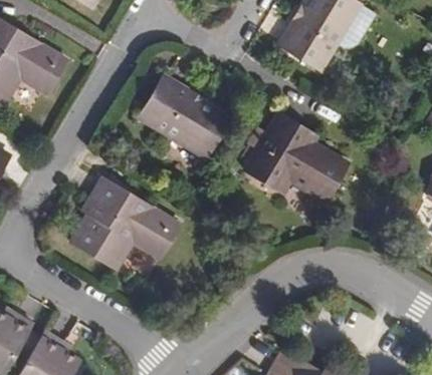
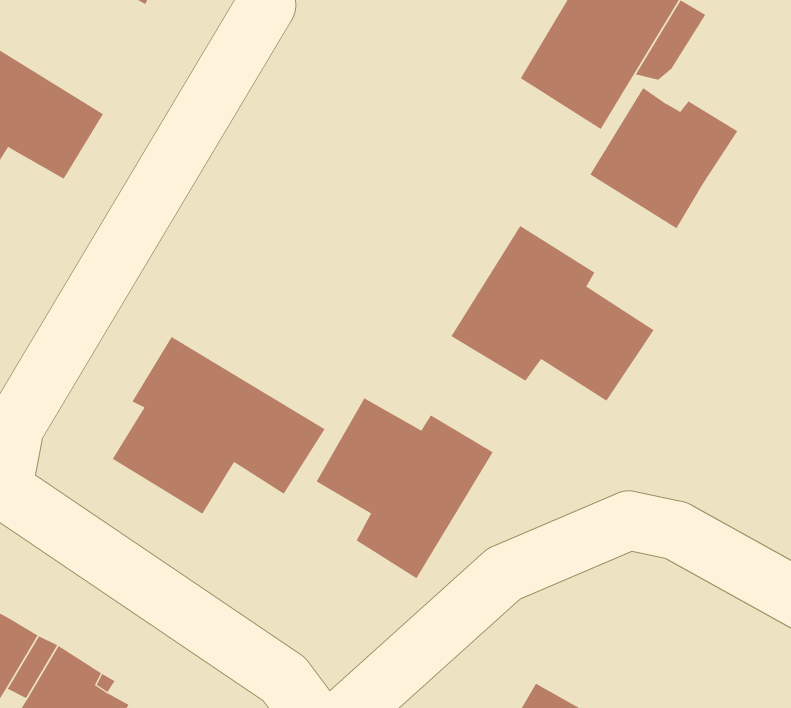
building: none -> [590,87,738,229]
building: [137,76,228,156] -> none
building: none -> [316,397,493,579]

